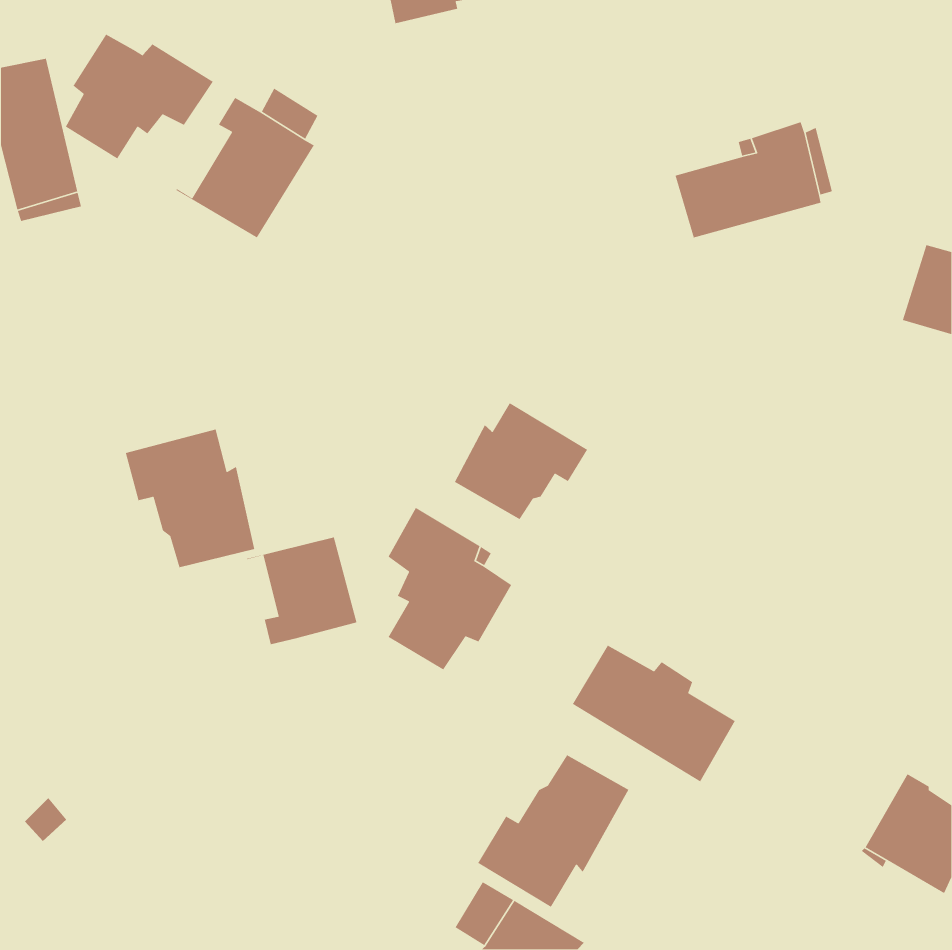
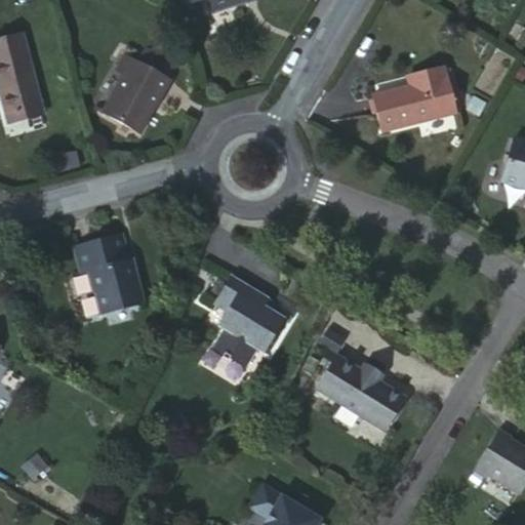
building: [65,34,214,159] -> none
building: [454,402,588,520] -> none
building: [245,536,358,645] -> none
building: [477,754,629,908] -> none

